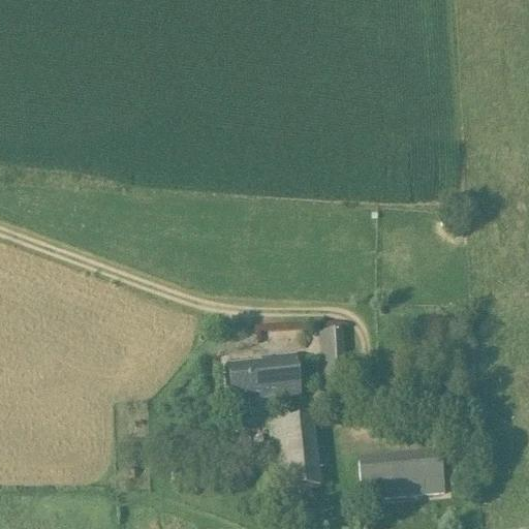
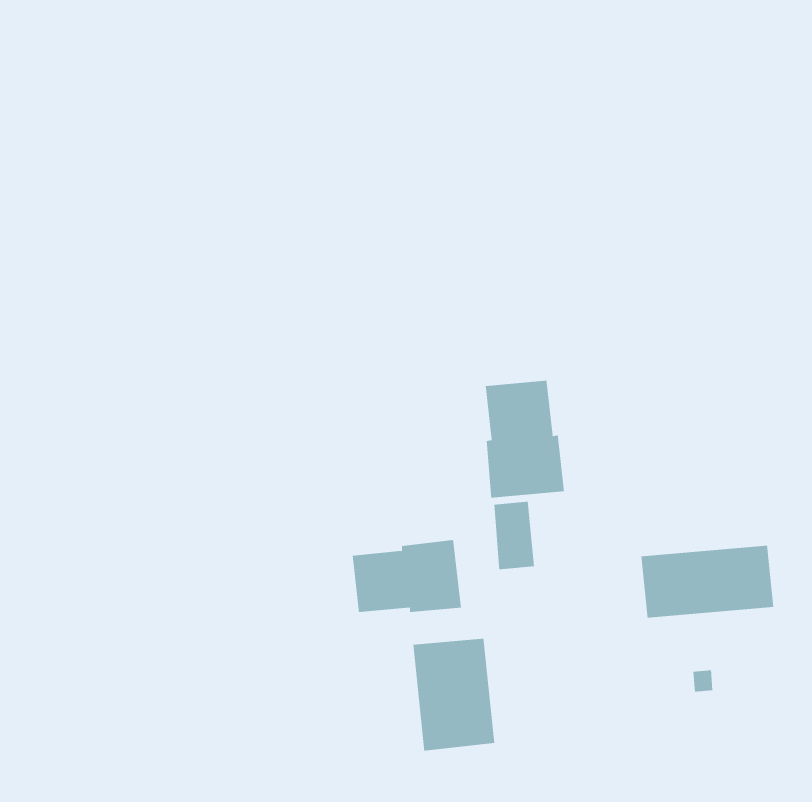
building: none -> [485,380,564,498]
building: [360,449,446,497] -> [640,545,774,618]

